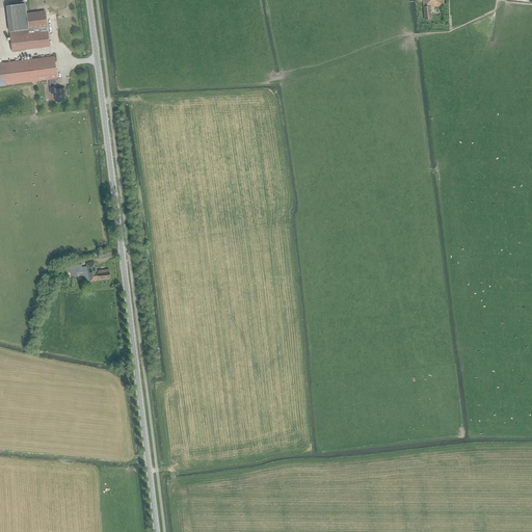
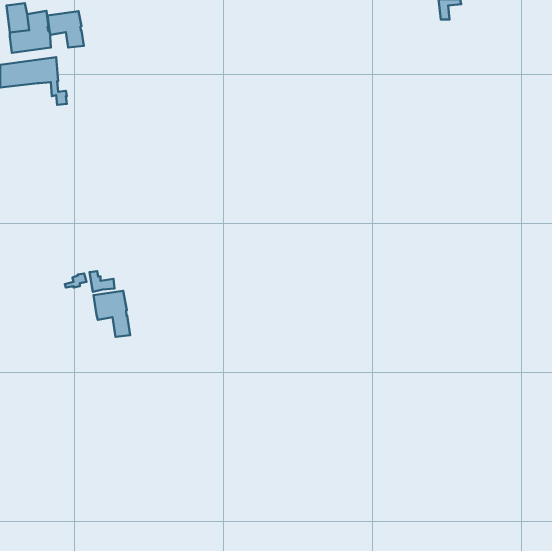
building: none -> [47,11,84,47]
building: none -> [94,291,130,337]

